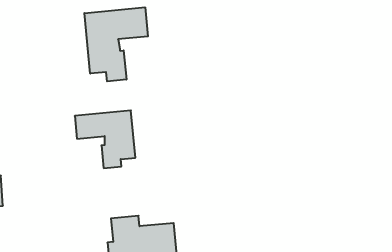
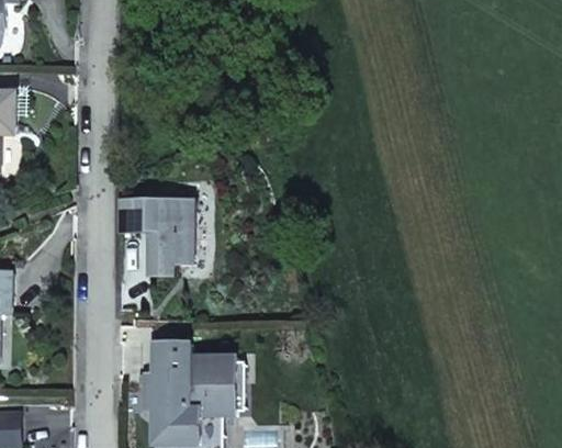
building: [84,7,148,81] -> none

